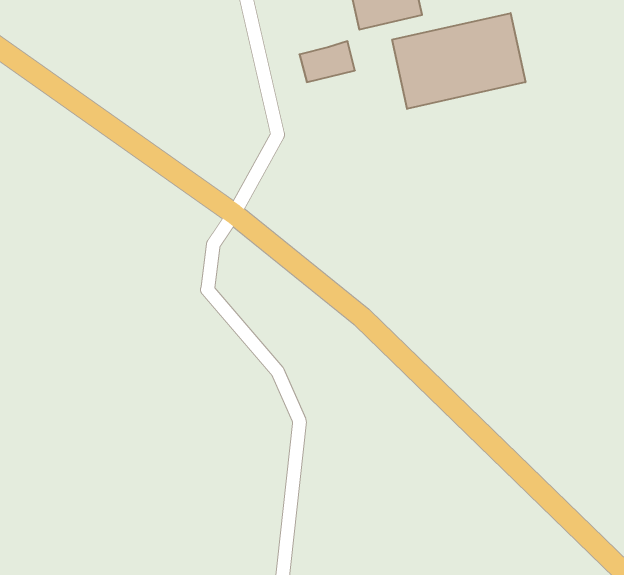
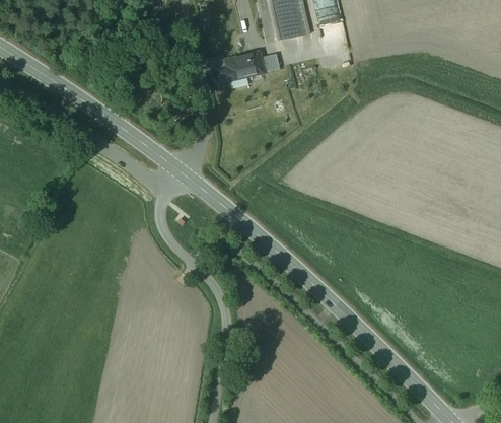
building: [392,13,525,109] -> none

